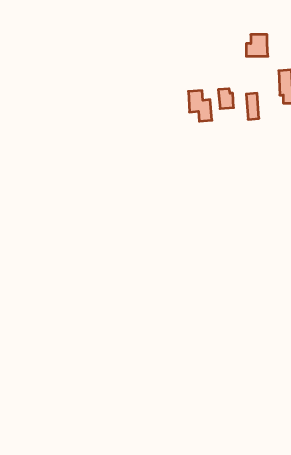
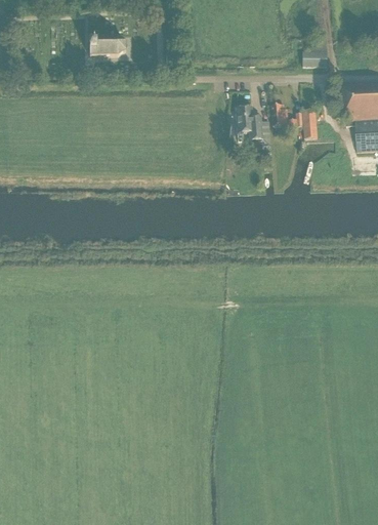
building: none -> [88,37,124,55]

